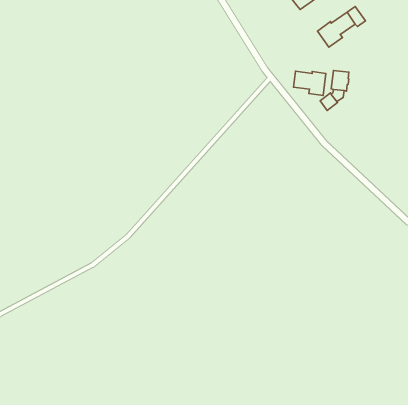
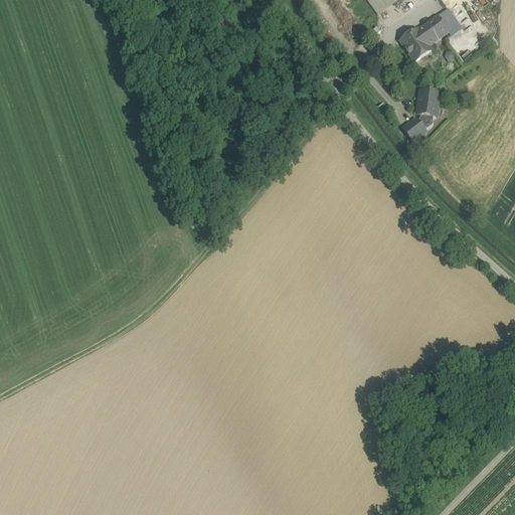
building: [294,71,326,95] -> none

